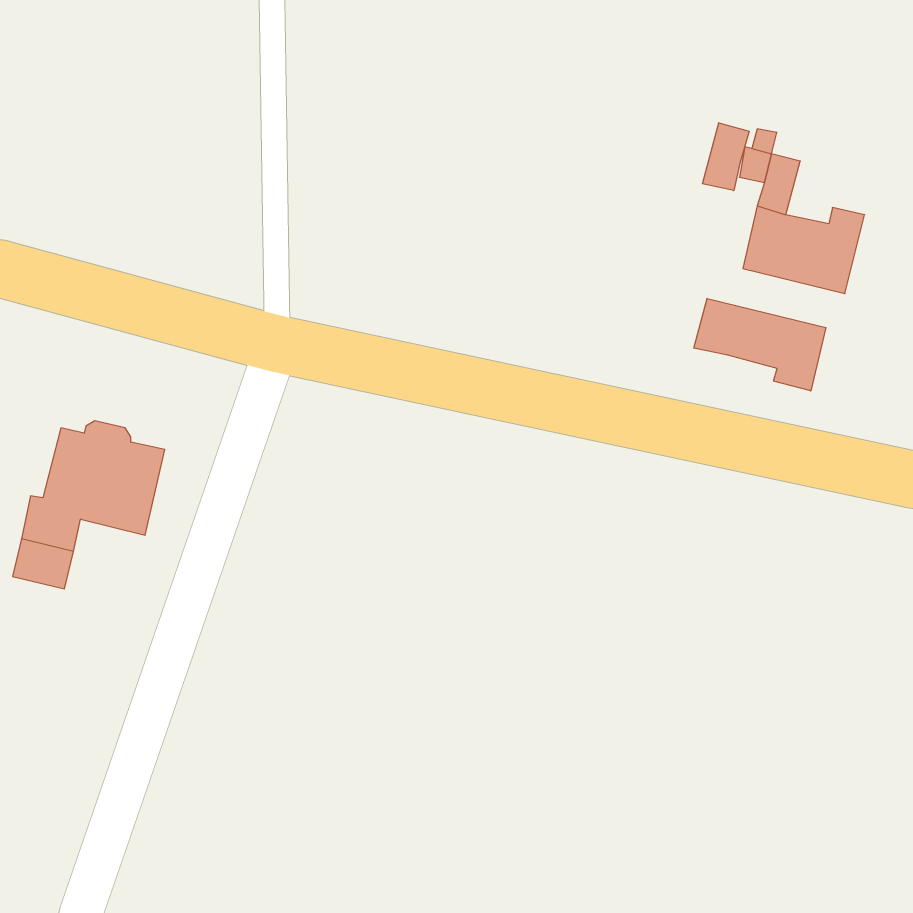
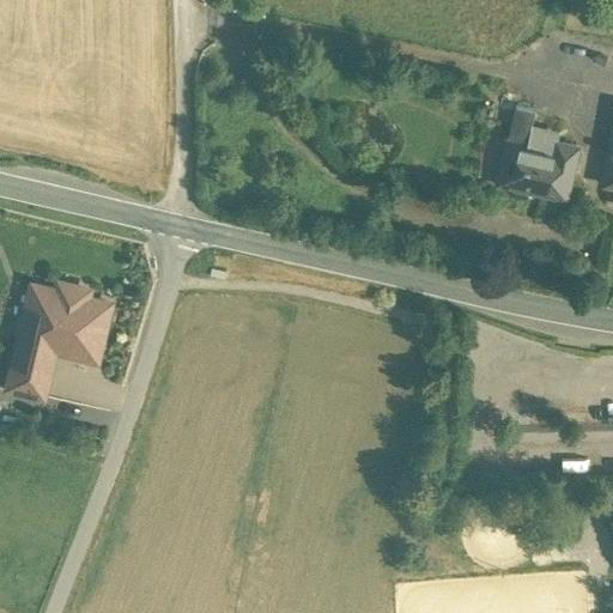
building: [702,123,749,191] -> none
building: [694,298,826,391] -> none

